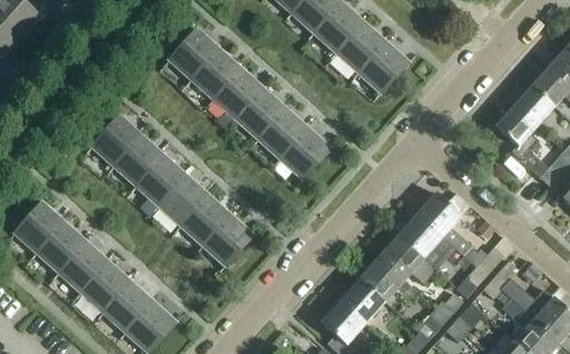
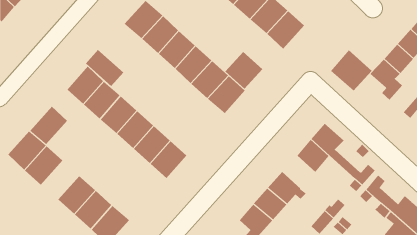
building: none -> [85,49,124,87]
building: none -> [330,50,372,91]
building: none -> [225,51,263,90]
building: [379,234,436,283] -> none
building: [56,240,107,293] -> [29,106,68,145]

